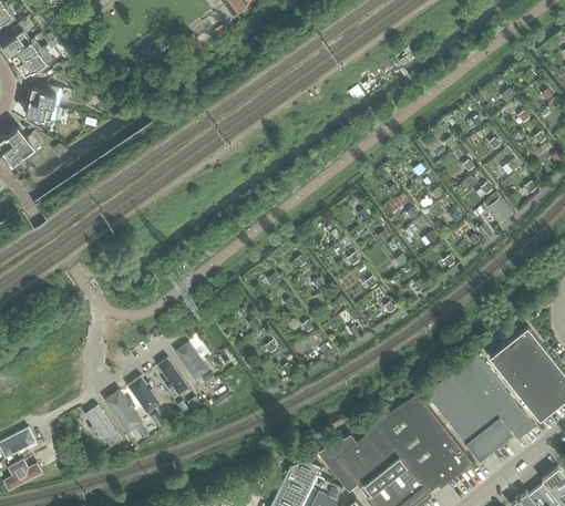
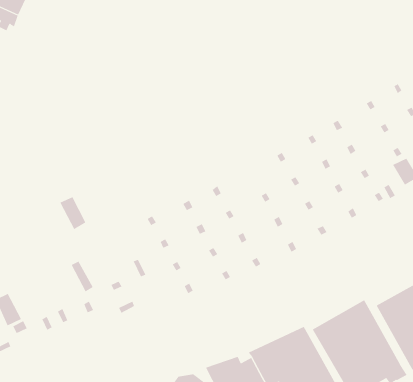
building: [174,344,206,380] -> [59,197,86,230]
building: [126,378,158,414] -> none
building: [104,391,138,431] -> none

